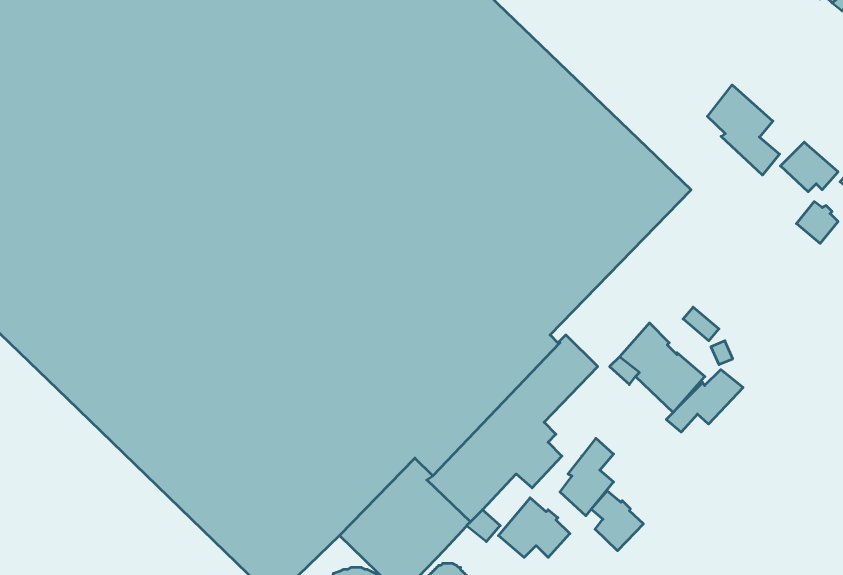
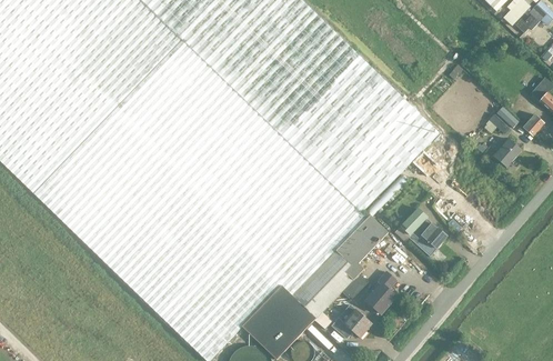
building: [707,85,780,175] -> none
building: [666,370,743,432] -> none
building: [591,491,643,551] -> none

